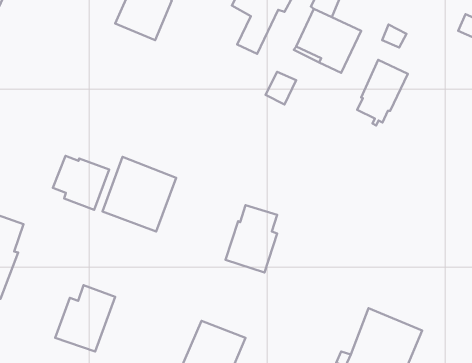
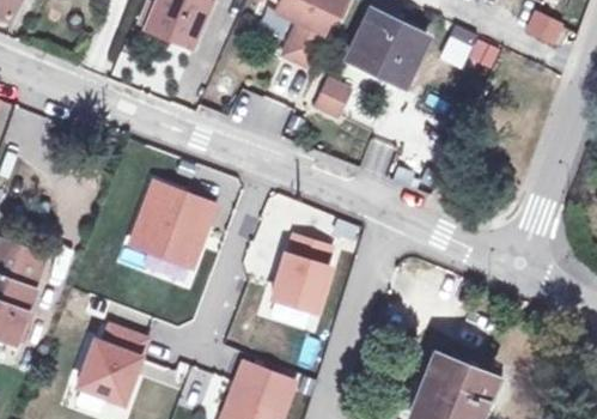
building: [357,60,408,125] -> none
building: [53,156,109,210] -> none

